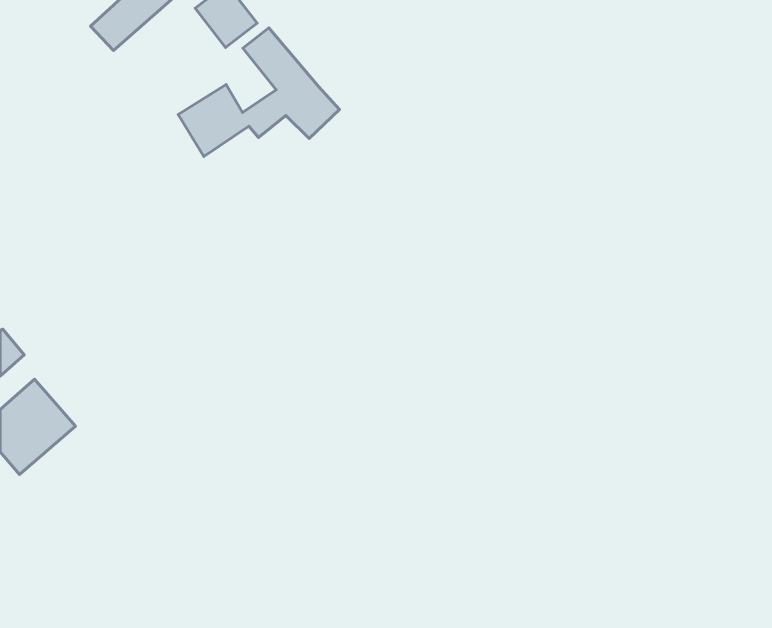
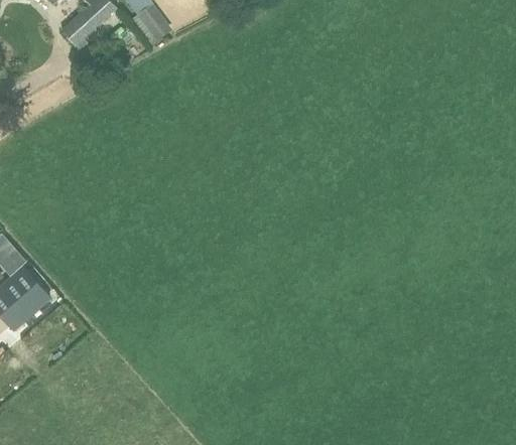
building: [178,28,339,156] -> none

